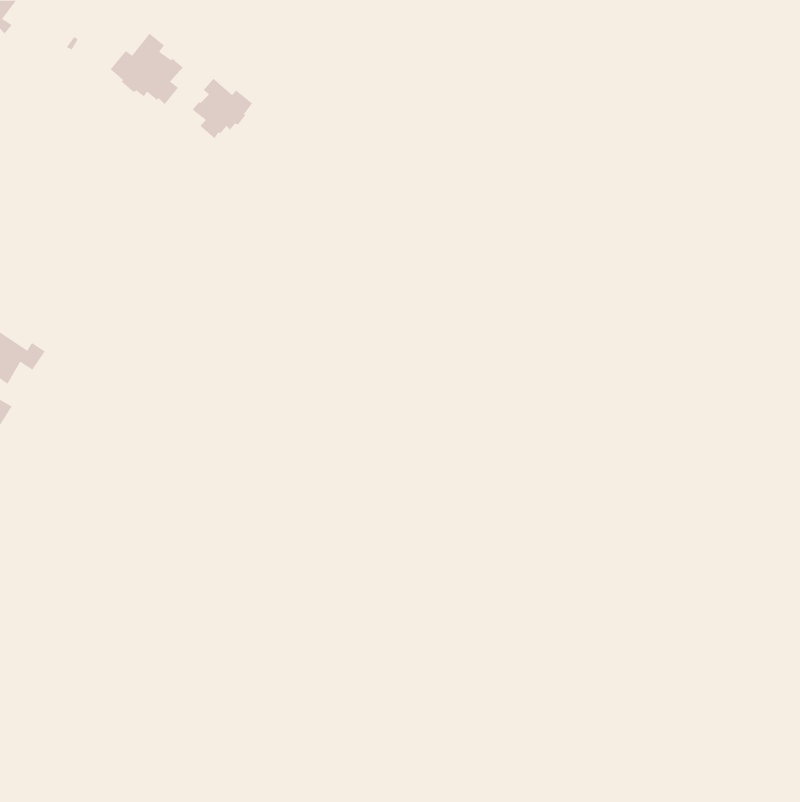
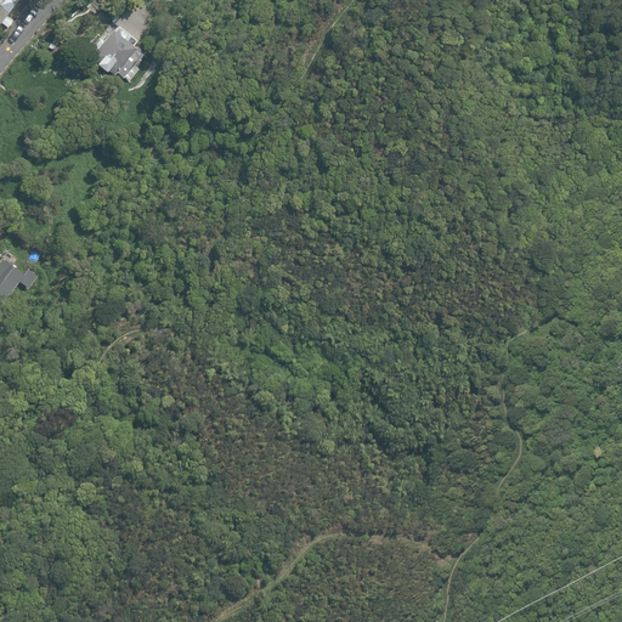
building: [192,78,253,139] -> none

